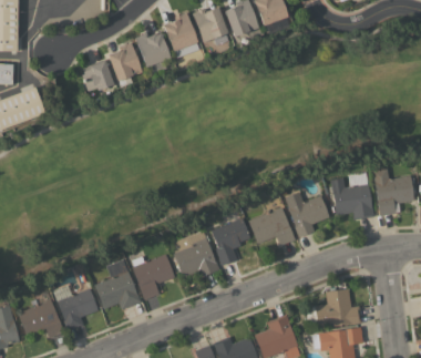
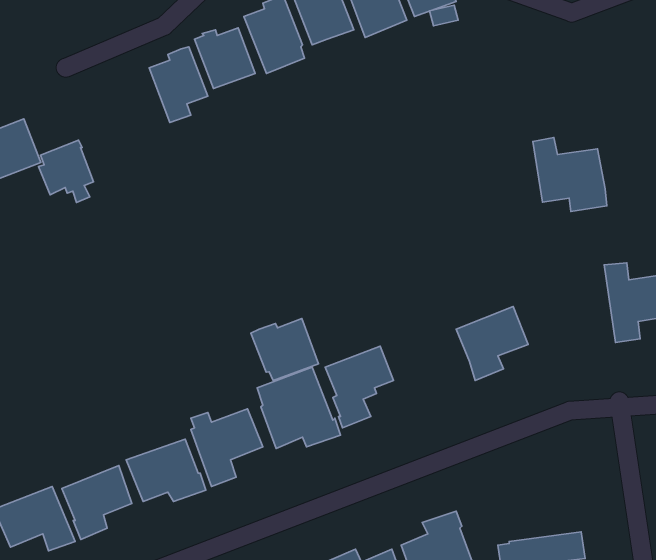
building: [82,60,114,96] -> [39,140,94,203]
building: [331,177,374,221] -> [533,138,607,211]
building: none -> [251,318,318,380]
building: [249,207,296,246] -> none
building: [307,289,362,329] -> none

